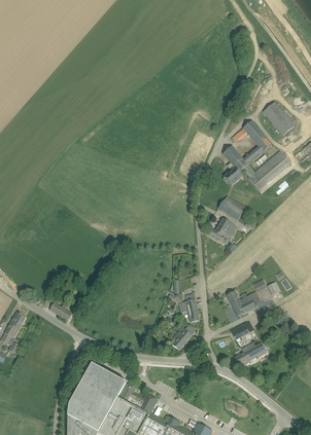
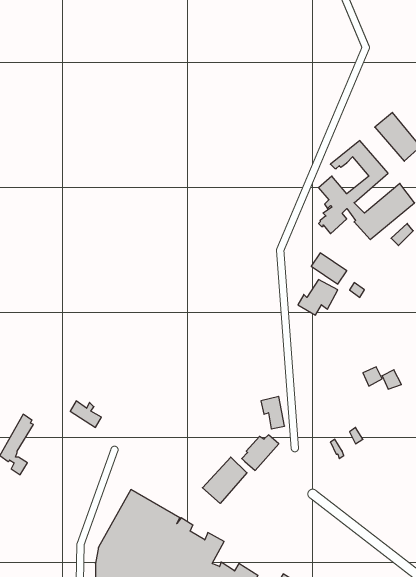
building: [226,291,261,316] -> none
building: [235,341,266,365] -> none
building: none -> [202,457,247,503]

